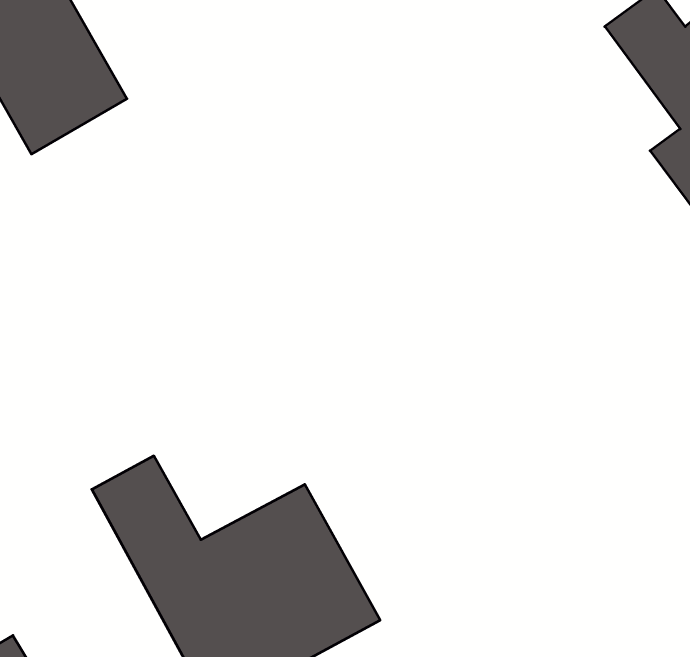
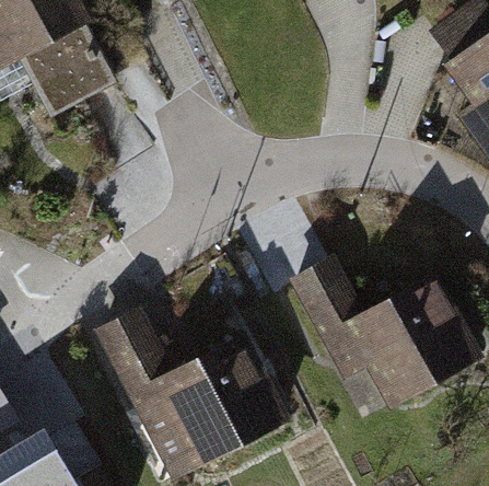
building: none -> [293,266,476,407]

